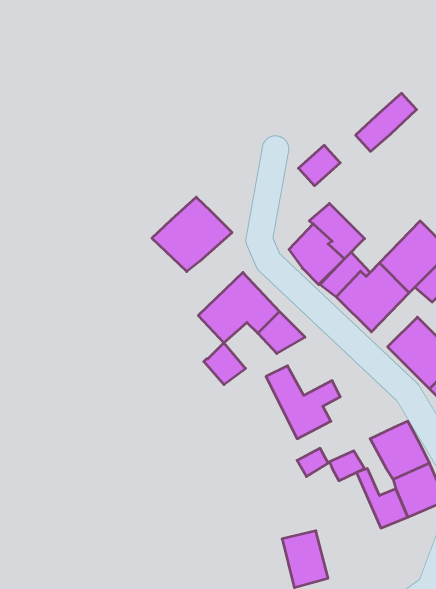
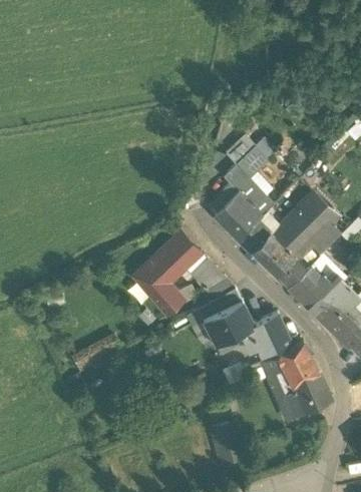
building: [356,93,417,151] -> [220,150,265,193]
building: [152,197,232,272] -> none
building: none -> [135,264,167,296]
building: none -> [215,289,248,323]
building: none -> [241,313,293,360]

